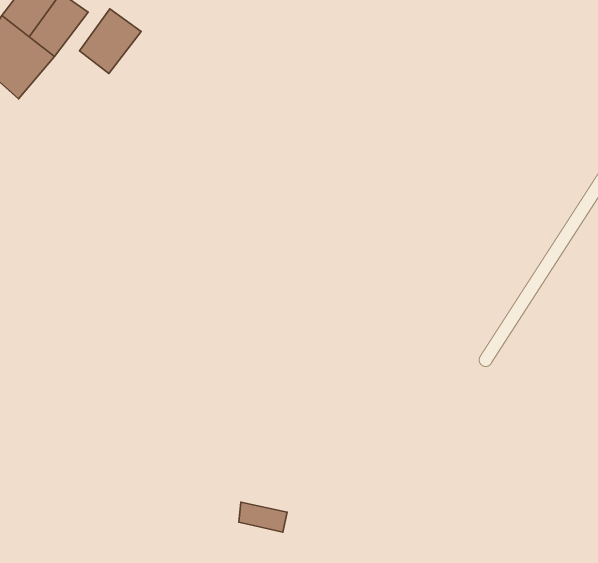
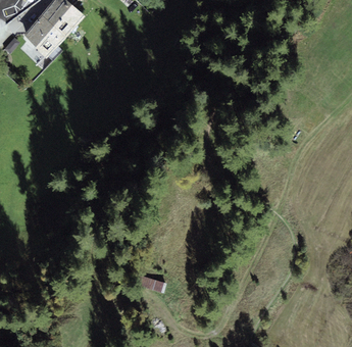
building: [79,9,141,74] -> none

